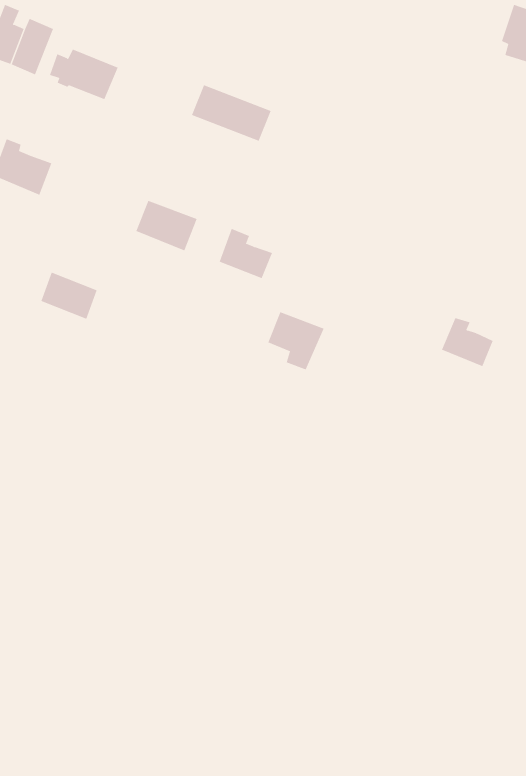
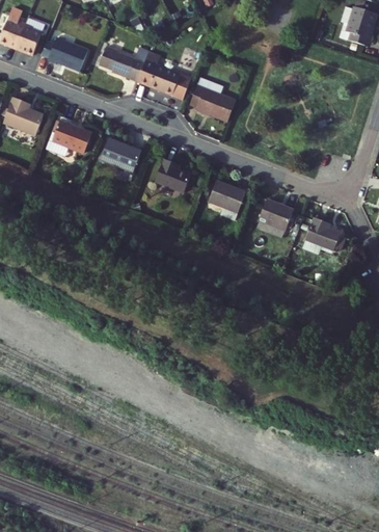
building: none -> [99,45,146,81]
building: none -> [190,77,237,122]
building: [40,272,97,320] -> [53,121,91,153]
building: none -> [260,197,294,230]
building: [267,311,325,370] -> [208,181,246,220]

